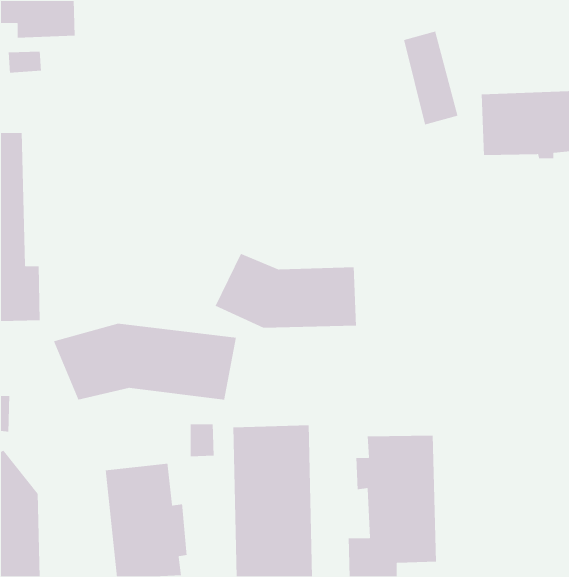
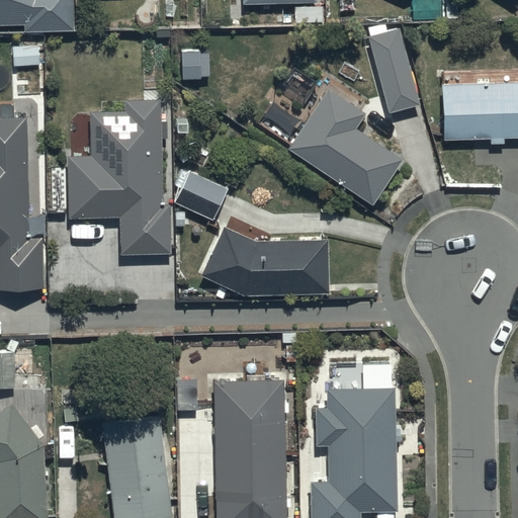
building: none -> [263,68,400,204]
building: none -> [68,101,170,254]
building: none -> [175,170,228,220]
building: [53,323,237,401] -> none

